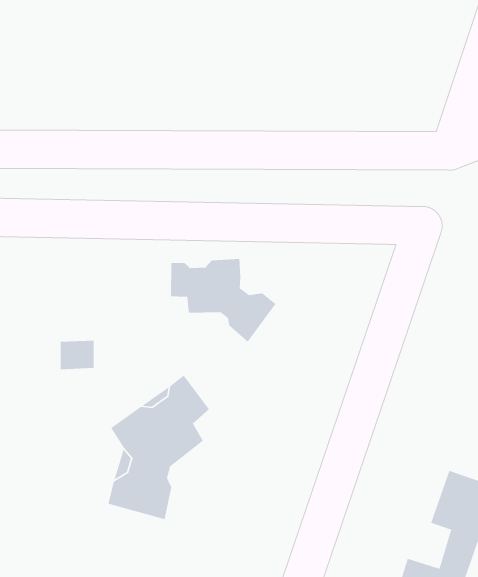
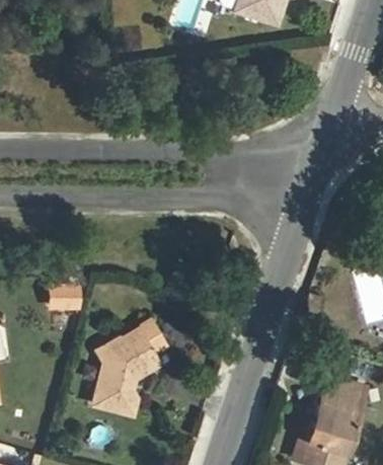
building: [170,258,276,343] -> none

